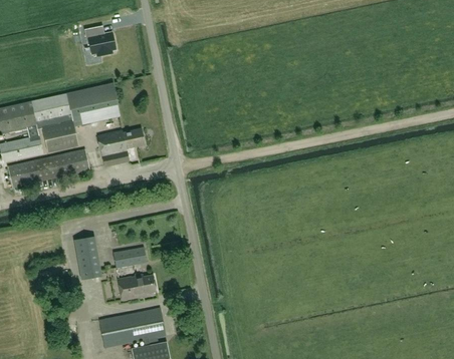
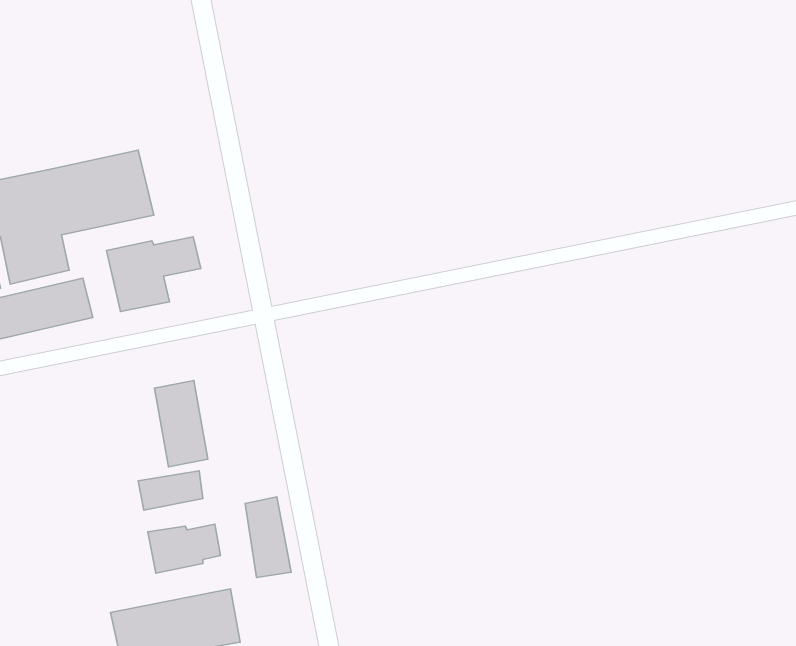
building: [86,23,119,52] -> none
building: [73,235,100,279] -> [155,380,208,467]
building: none -> [245,497,291,577]

